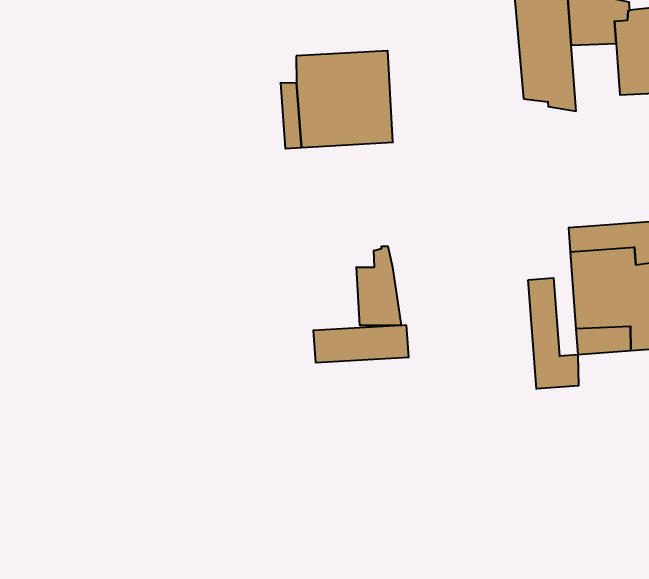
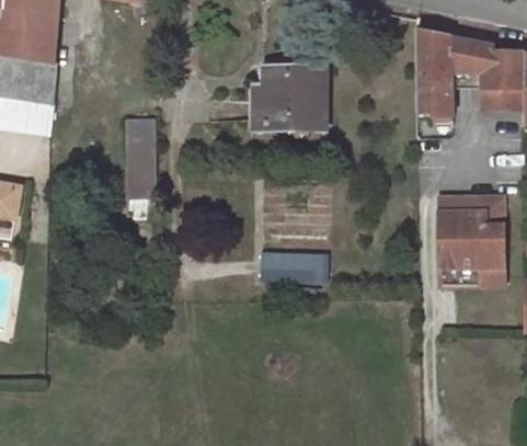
building: none -> [128,118,157,196]
building: [356,246,401,326] -> none
building: [528,278,579,389] -> none

